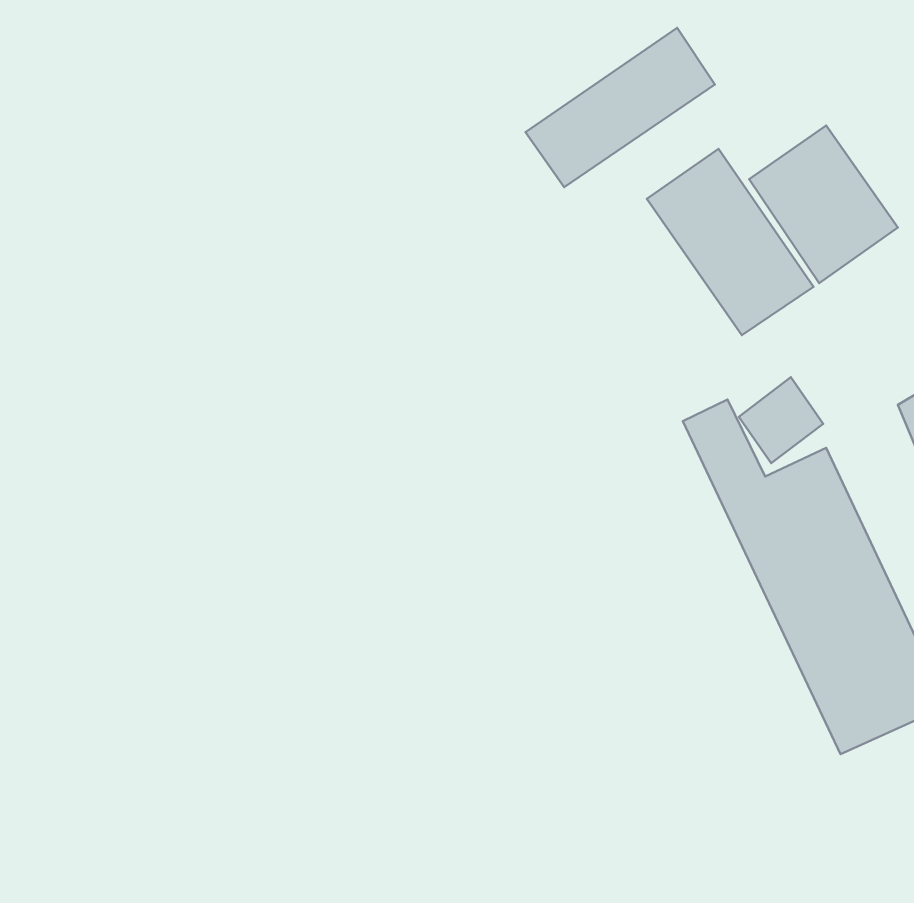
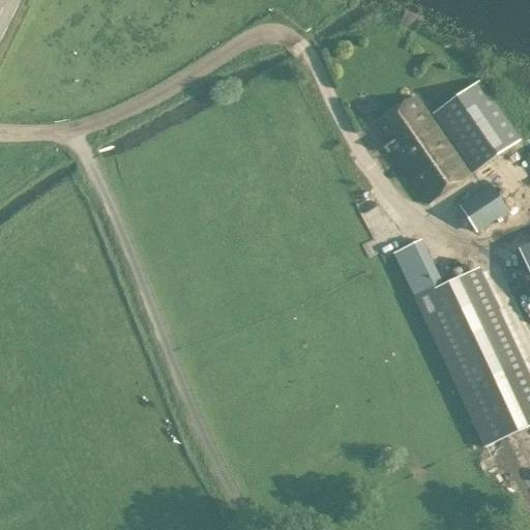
building: [525,28,715,187] -> none
building: [739,377,823,463] -> [459,180,507,230]

